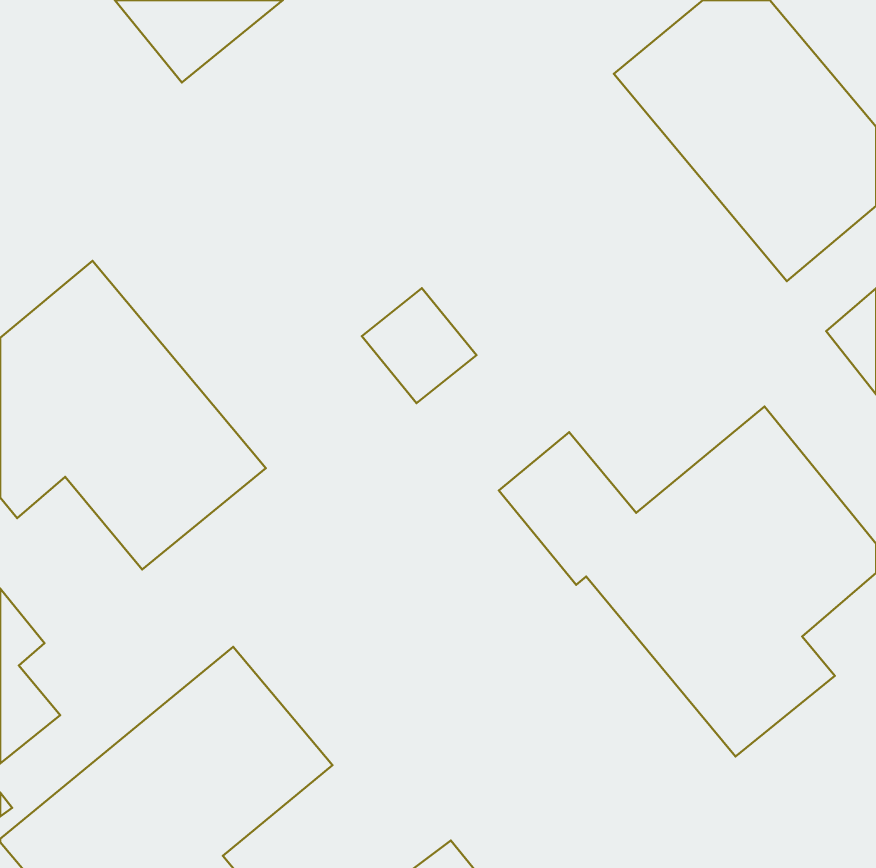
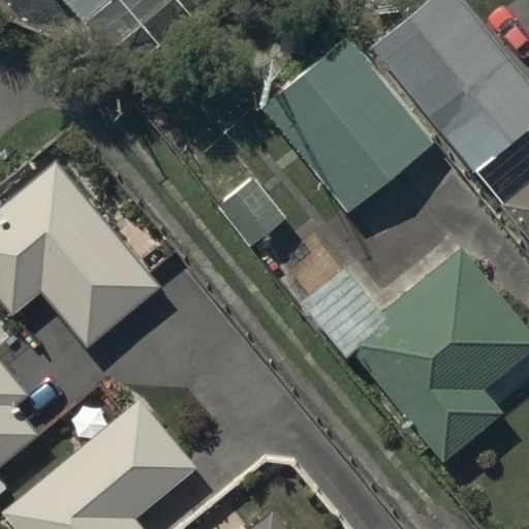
building: none -> [260,38,433,213]

